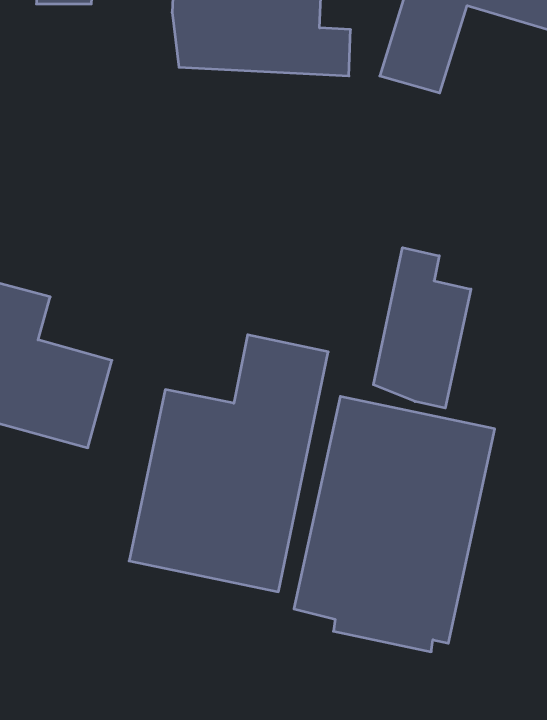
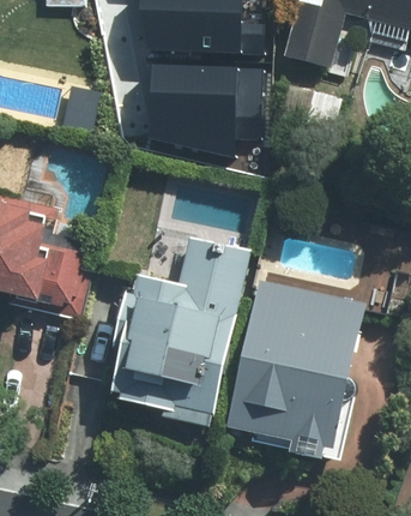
building: none -> [152,66,262,158]
building: [373,248,471,408] -> none

